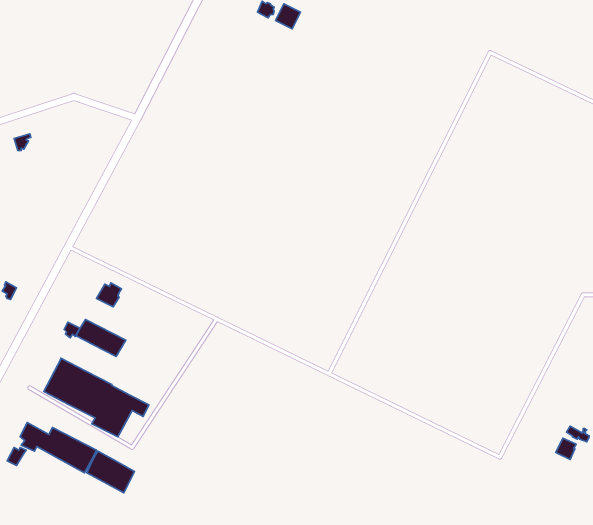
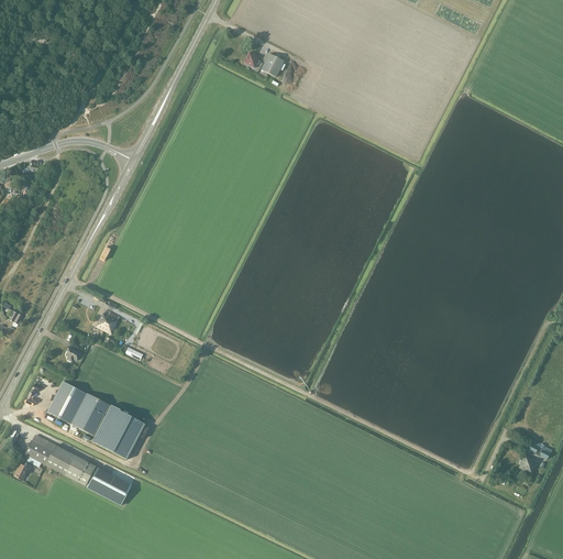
building: [76,319,126,356] -> none

